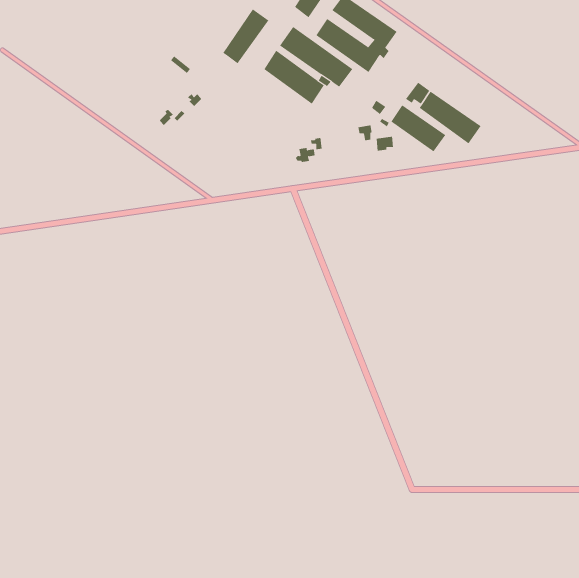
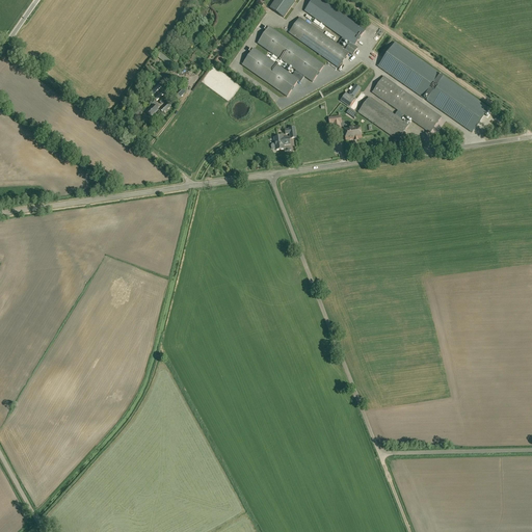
building: [223,9,269,64] -> none
building: none -> [377,42,487,131]

